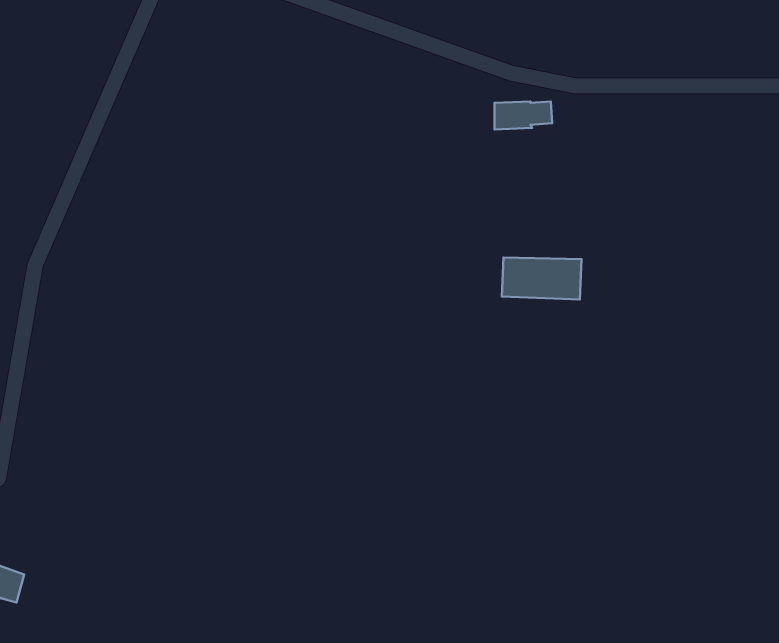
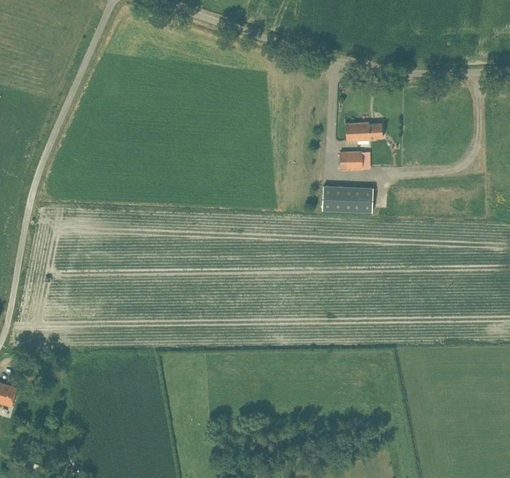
building: [495,101,552,129] -> [346,123,383,141]
building: none -> [340,153,363,171]

